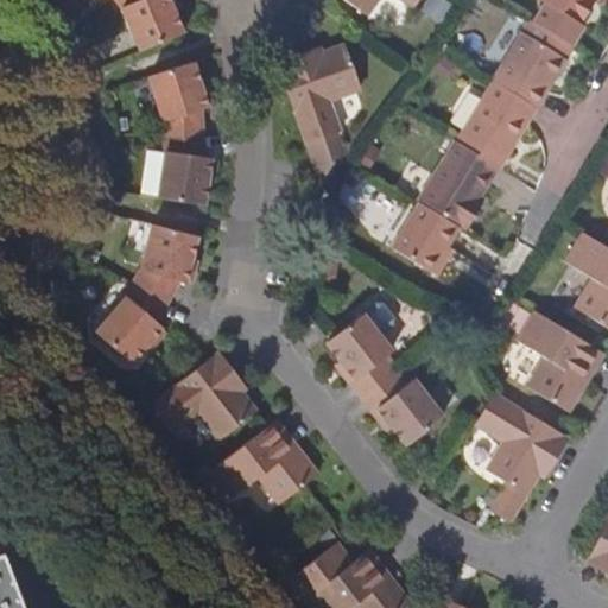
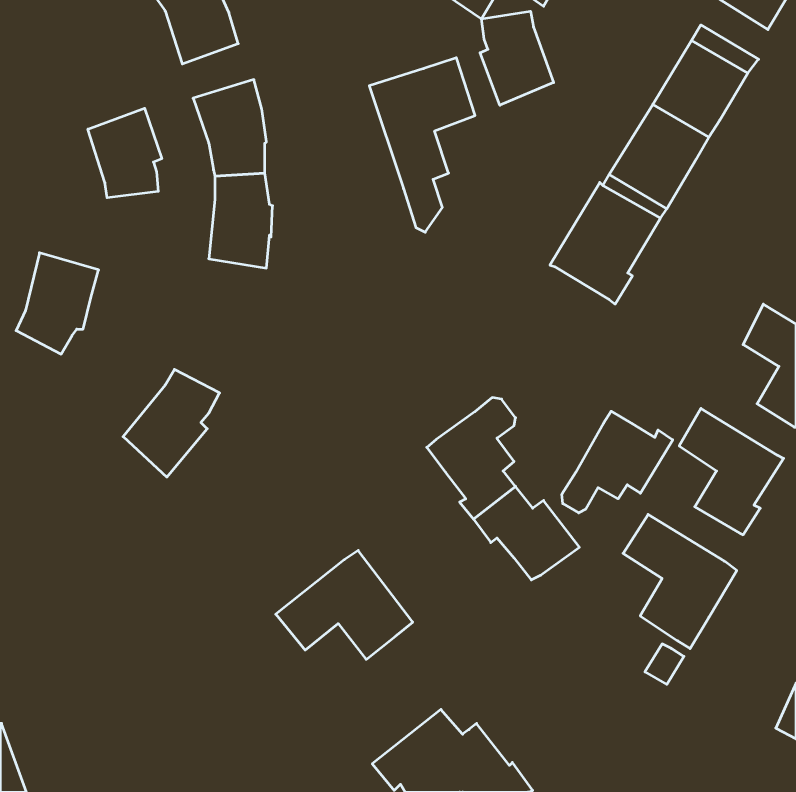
building: none -> [480,11,554,105]
building: none -> [88,108,162,198]
building: [394,203,464,274] -> none
building: [133,222,196,299] -> [16,253,99,354]
building: none -> [562,411,673,513]
building: [151,356,255,437] -> none

